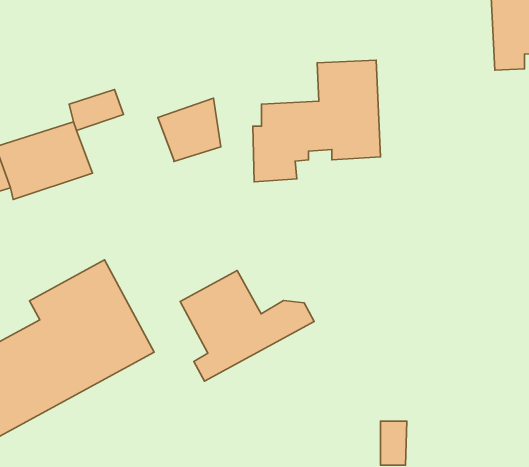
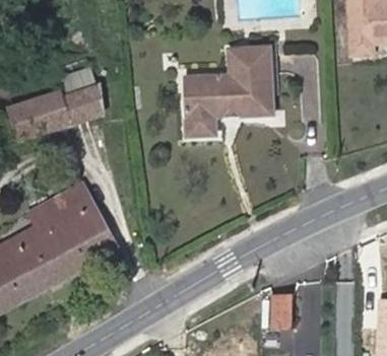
building: [158,98,221,161] -> [62,81,106,125]
building: [180,270,314,381] -> none

